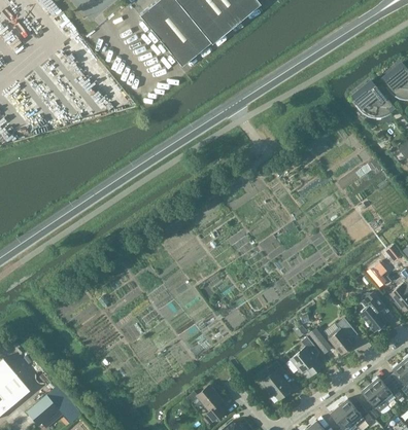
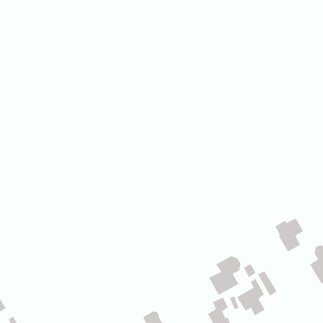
building: none -> [208,255,241,296]
building: [325,318,355,355] -> [274,218,304,253]

